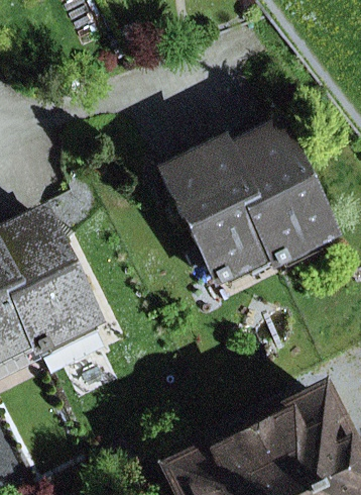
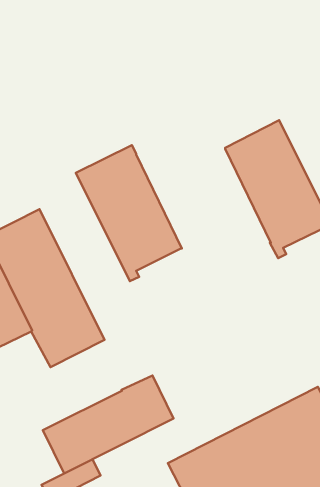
building: [170,146,275,281] -> [76,145,182,281]
building: none -> [43,375,174,473]

